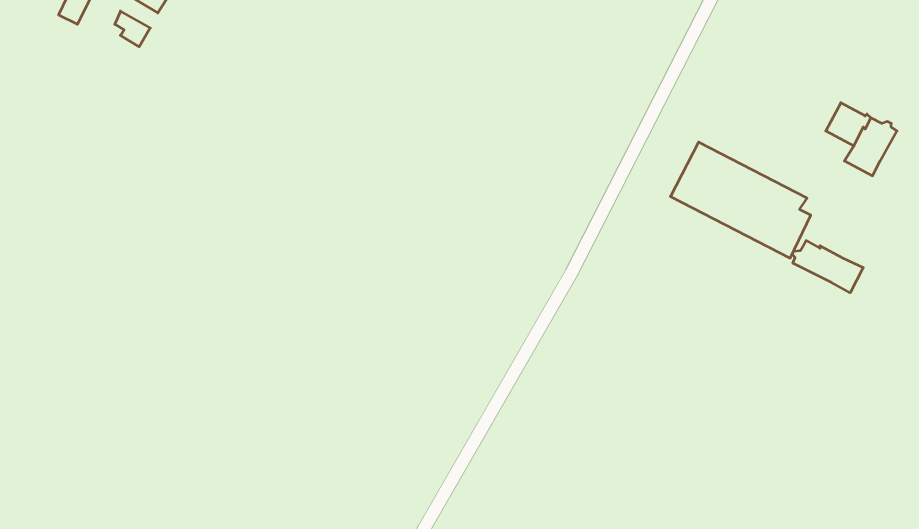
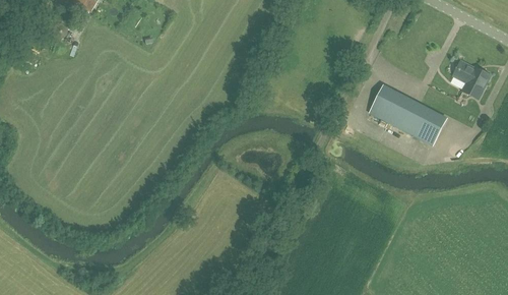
building: [792,241,863,293] -> none

